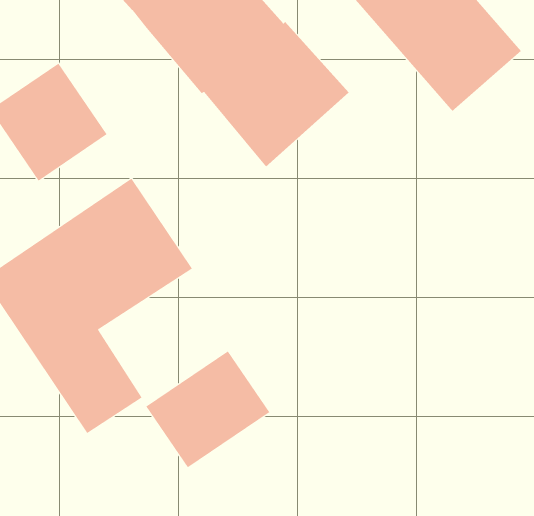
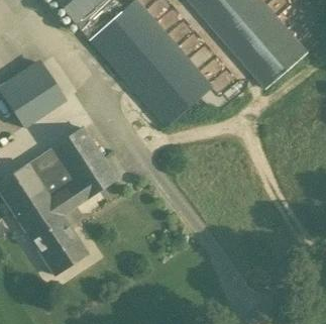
building: [145,351,270,468] -> none

